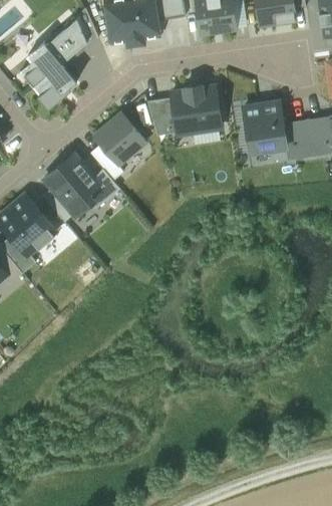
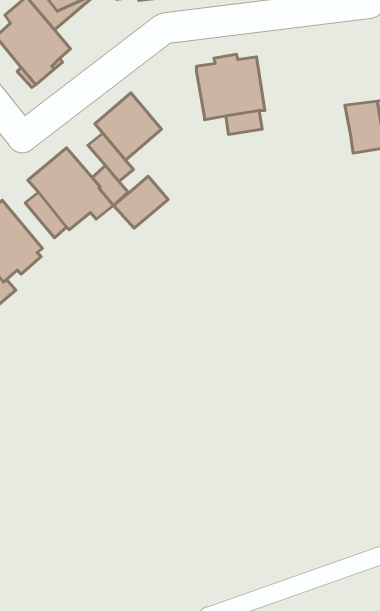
building: [147,97,177,135] -> none
building: [243,101,286,151] -> none
building: none -> [113,176,168,228]

